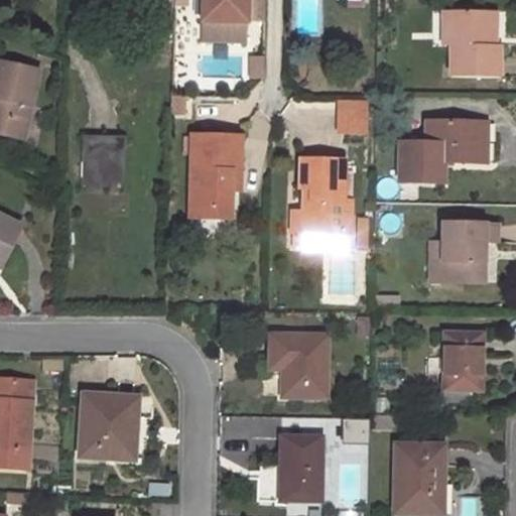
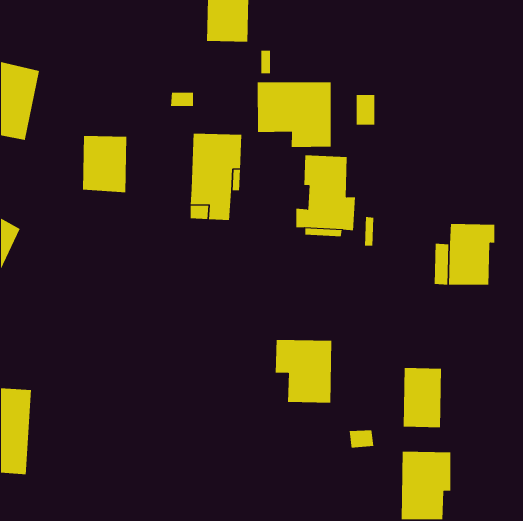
building: [449,10,498,76] -> none
building: none -> [257,81,331,148]
building: [399,121,479,180] -> none
building: [444,331,483,390] -> [403,367,442,428]
building: [79,394,138,458] -> none
building: [280,436,322,500] -> none

